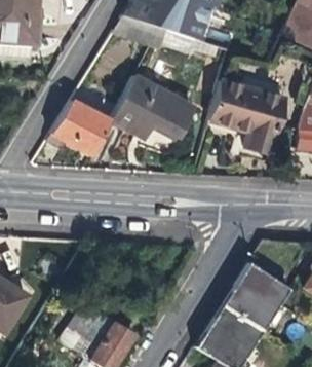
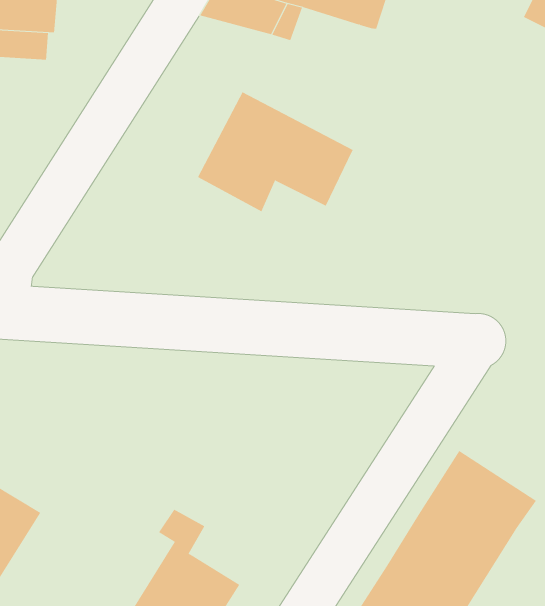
building: [208,78,284,153] -> none
building: [49,99,111,156] -> none

